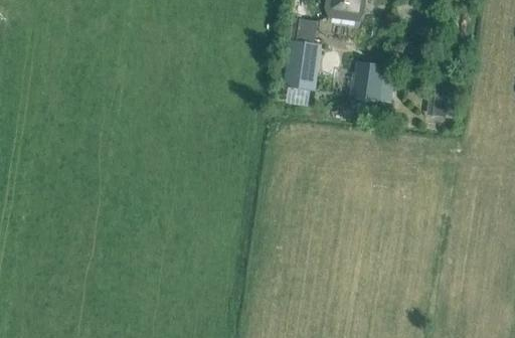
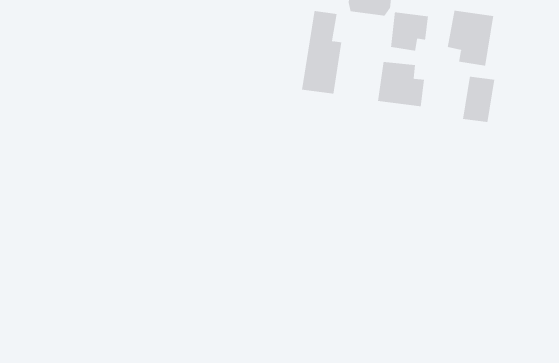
building: none -> [447,10,494,67]
building: none -> [390,11,429,52]

